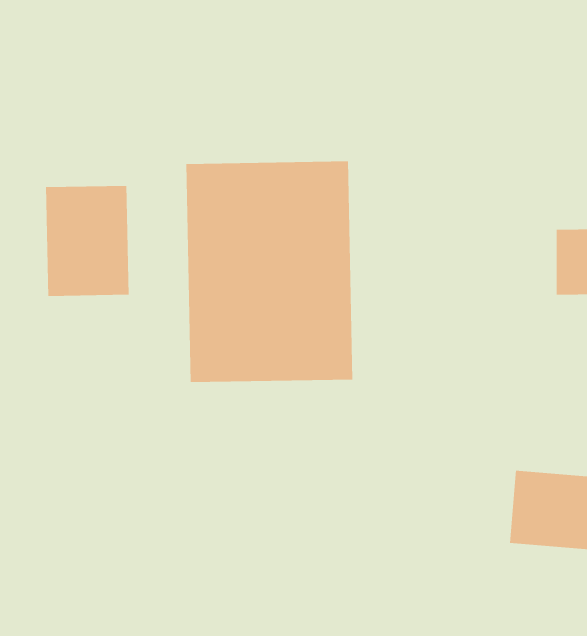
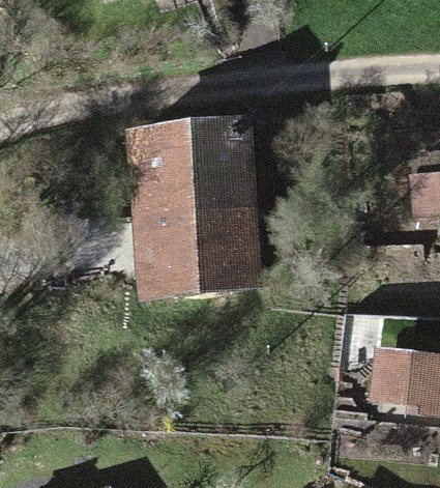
building: [46,185,129,297] -> none

